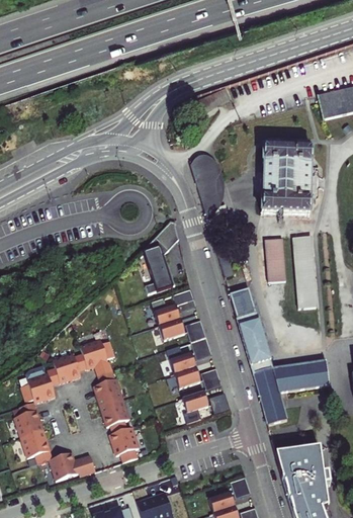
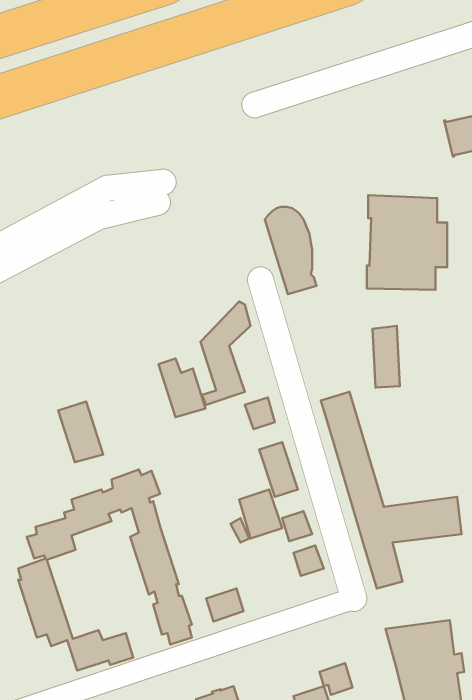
building: [292,236,316,308] -> none
building: none -> [58,402,103,462]
building: [152,297,185,339] -> [158,358,206,417]
building: [183,391,209,414] -> [206,588,244,621]

